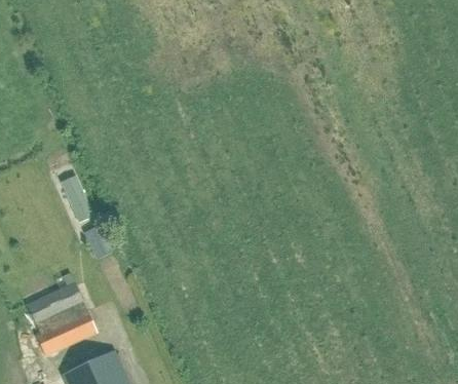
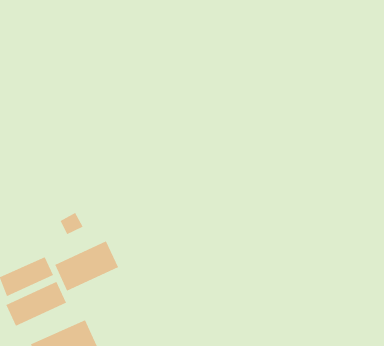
building: [61,177,94,225] -> none
building: none -> [54,241,119,292]

